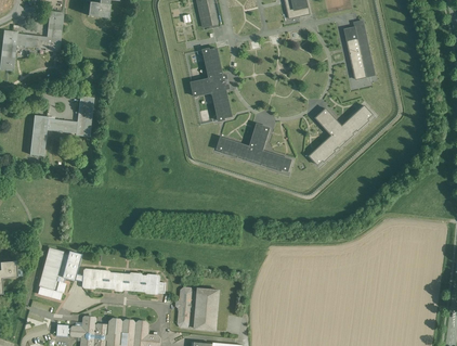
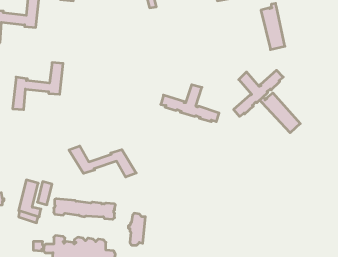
building: [192,49,232,121] -> none
building: none -> [260,93,300,133]
building: none -> [69,146,136,177]
building: [195,289,219,331] -> none

